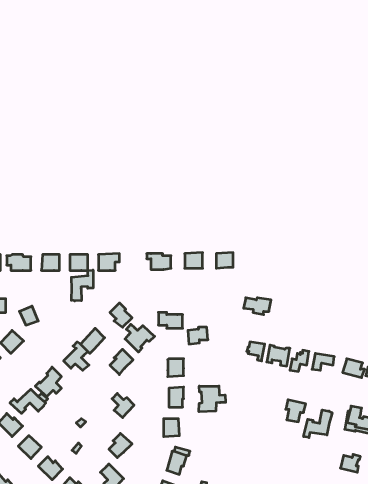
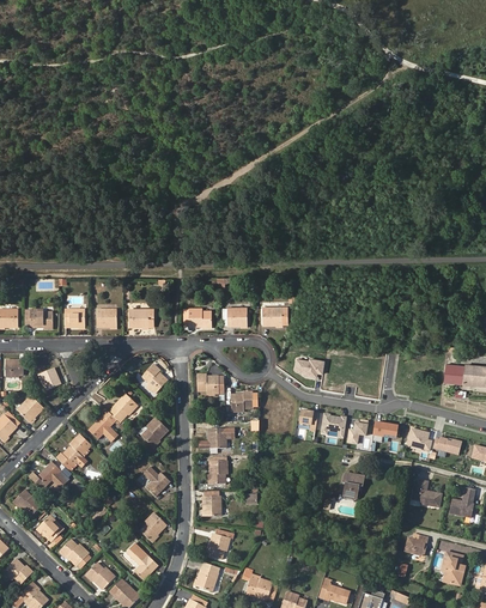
building: [71,270,93,301] -> none
building: [125,324,155,352] -> none
building: [199,386,226,412] -> none
building: [304,410,332,438] -> none

